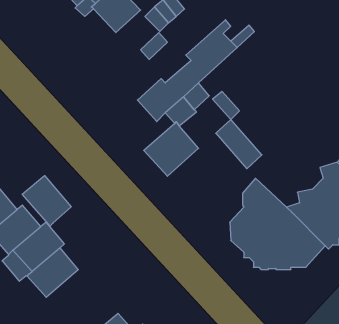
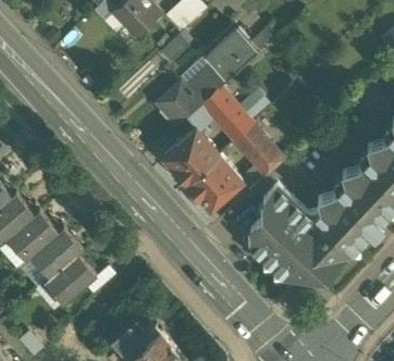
building: none -> [214,100,251,138]
building: none -> [187,153,243,208]
building: [22,176,71,227] -> none

